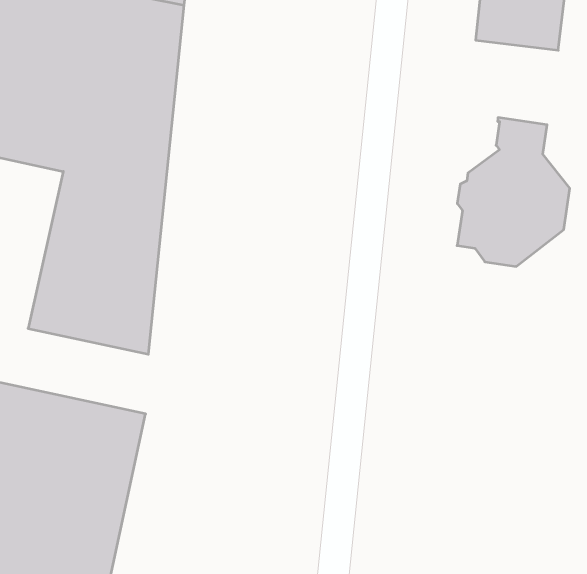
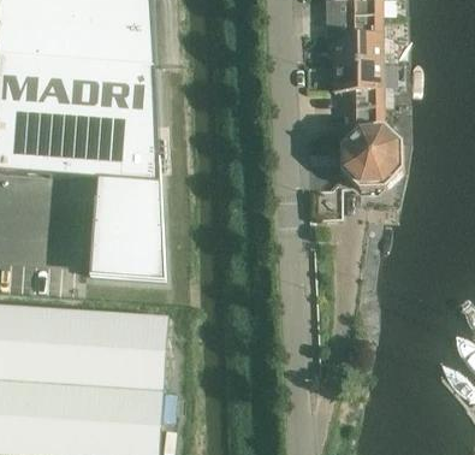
building: none -> [332,60,382,106]

